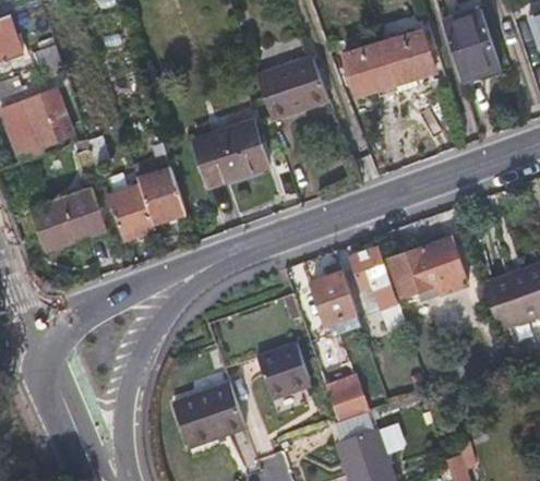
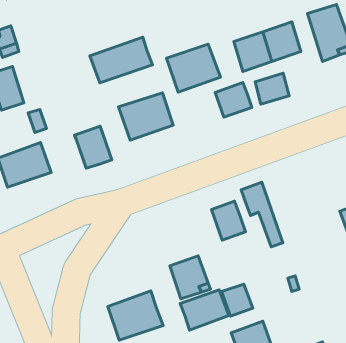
building: none -> [90,37,152,83]
building: none -> [255,73,289,104]
building: none -> [215,83,252,117]
building: [105,187,151,241] -> none
building: [388,236,468,294] -> none
building: none -> [180,290,229,330]

